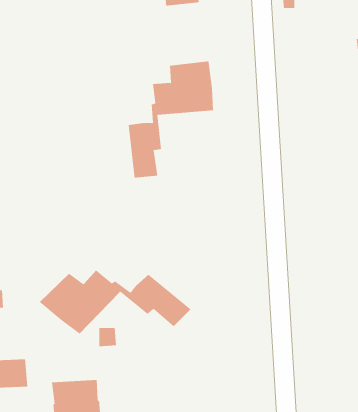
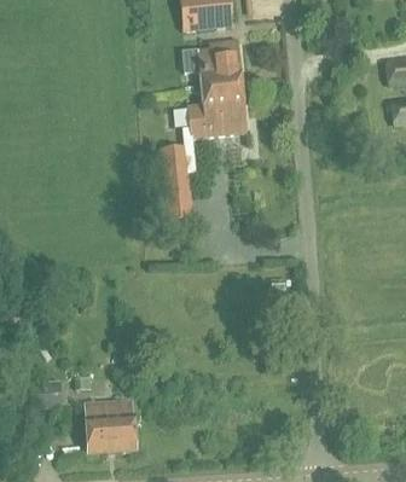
building: none -> [182,40,242,89]
building: [39,269,191,334] -> none

